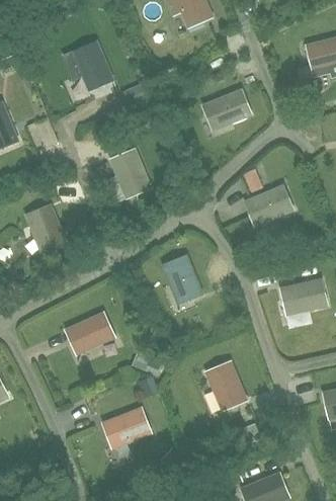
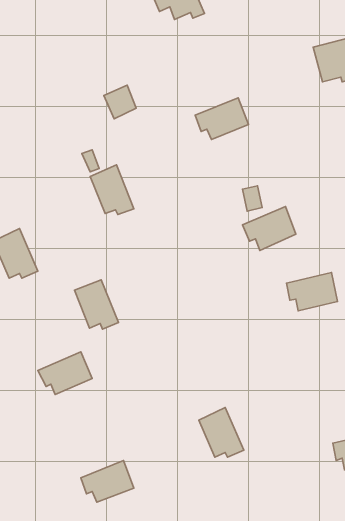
building: [64,43,112,85] -> none
building: [163,257,201,301] -> [75,280,119,329]
building: [281,280,326,314] -> [286,273,337,311]

